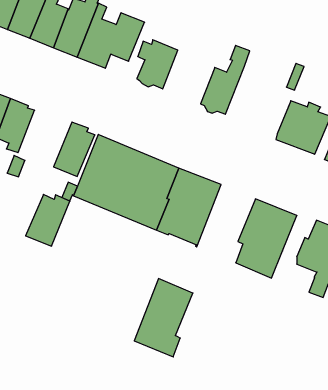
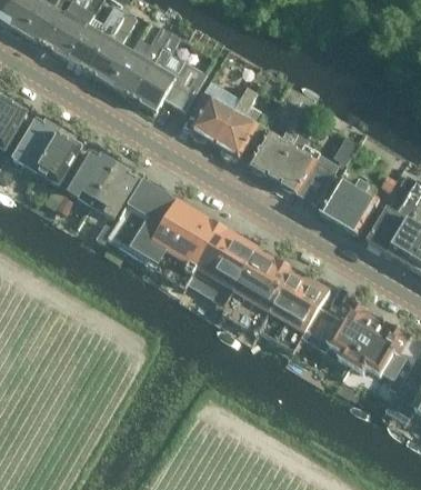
building: none -> [214,79,261,157]
building: none -> [273,132,340,206]
building: [26,194,70,246] -> [68,150,118,203]
building: [134,279,193,357] -> [223,248,290,329]

